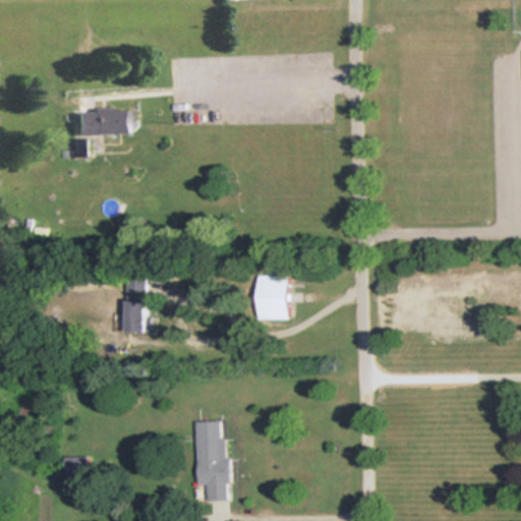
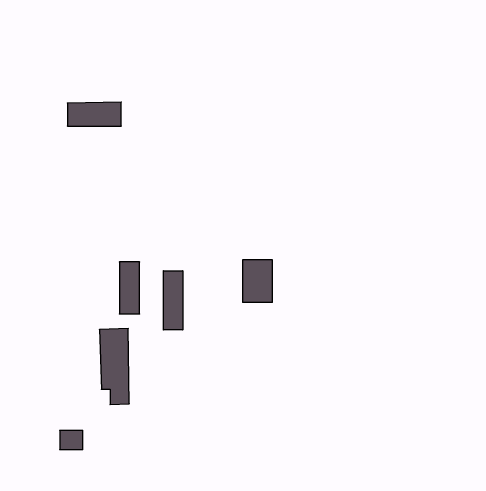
building: none -> [163,271,183,330]
building: [193,420,225,501] -> [99,329,129,405]

